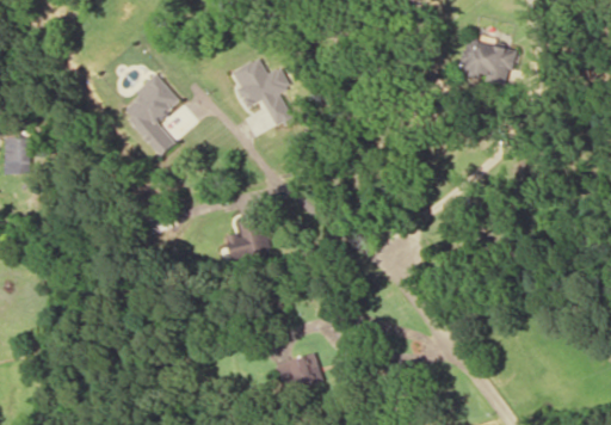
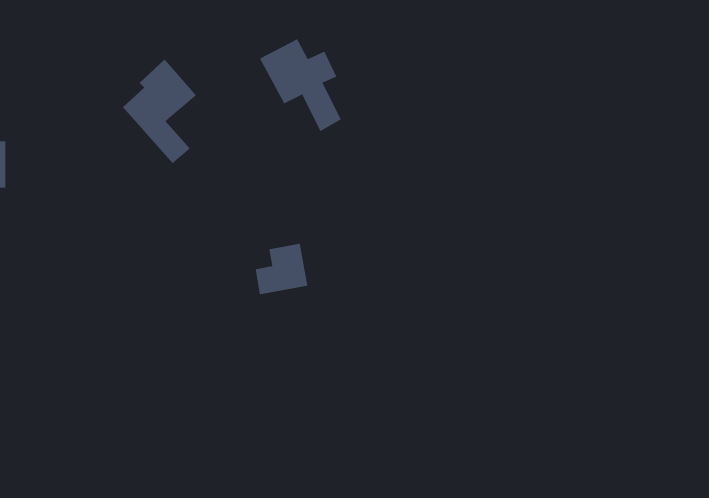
building: [462,39,514,82] -> none
building: [274,355,323,392] -> none

